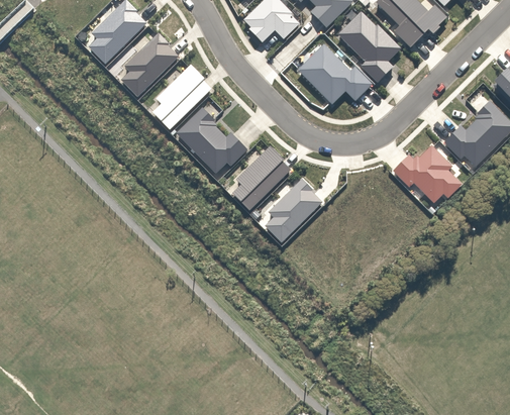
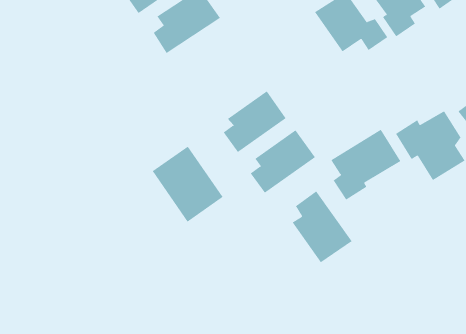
building: [174,107,242,177] -> [152,146,223,222]
building: none -> [330,129,401,201]
building: none -> [292,191,352,263]

